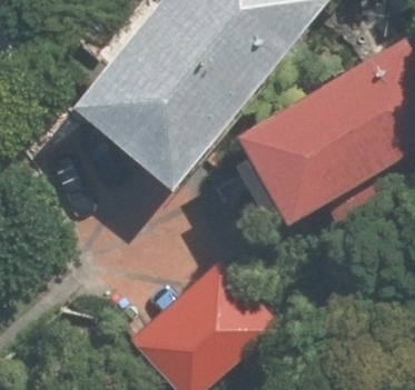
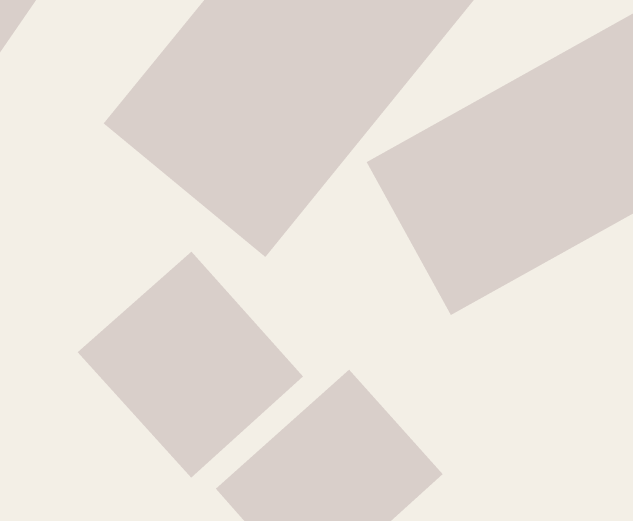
building: none -> [77,251,304,479]

